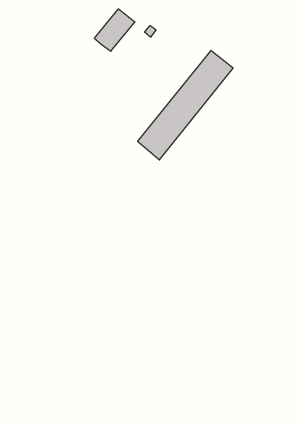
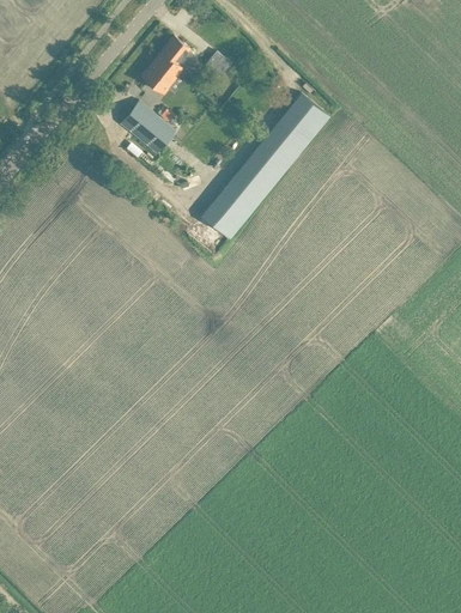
building: none -> [120,103,175,154]

